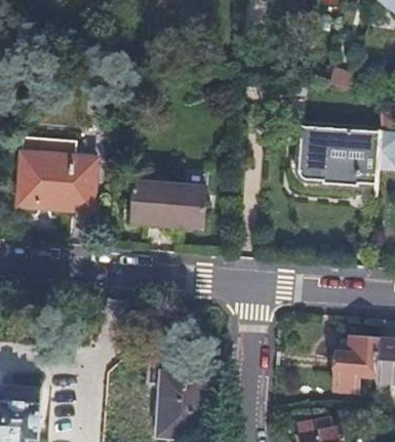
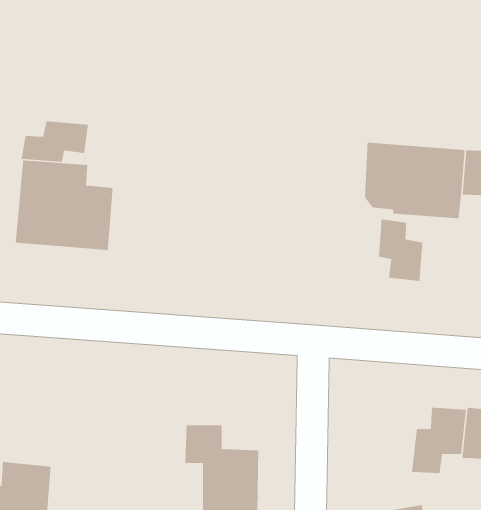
building: none -> [21,121,89,163]
building: [127,180,203,227] -> none
building: none -> [378,218,423,282]

